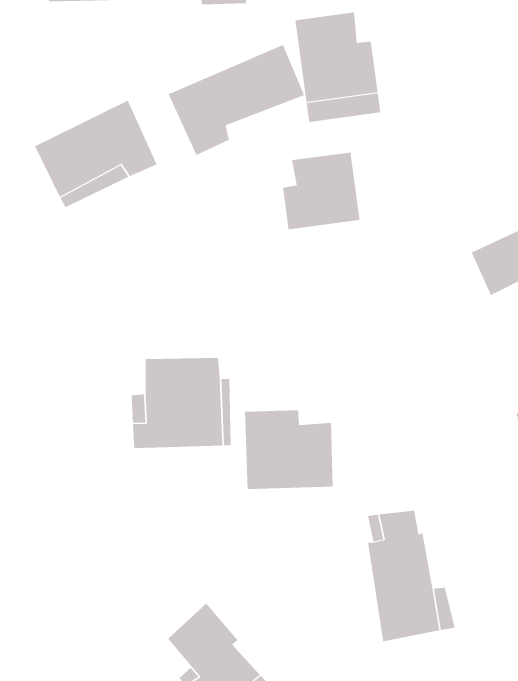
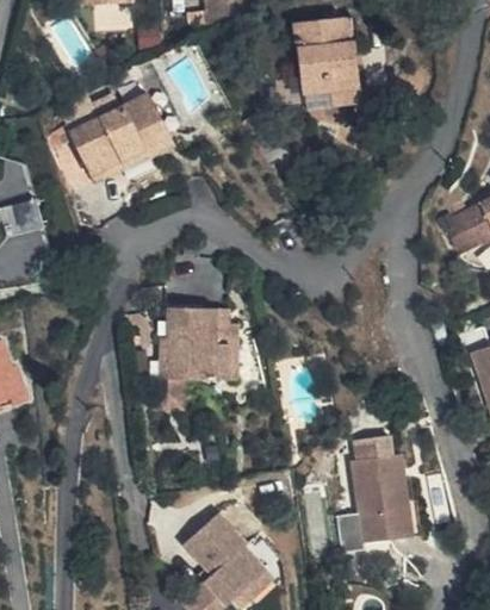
building: [168,44,305,156] -> none
building: [282,152,360,230] -> none
building: [245,410,333,490] -> none

